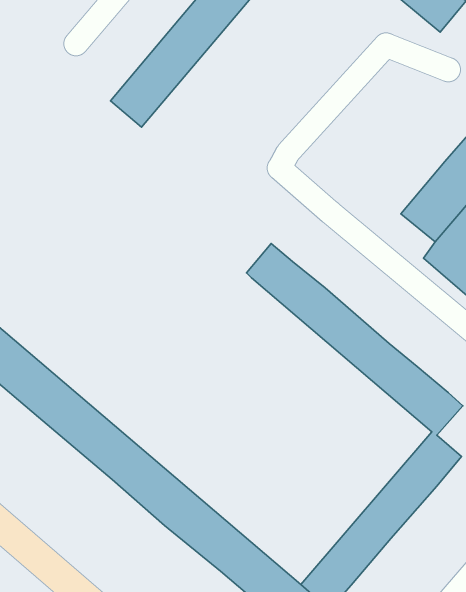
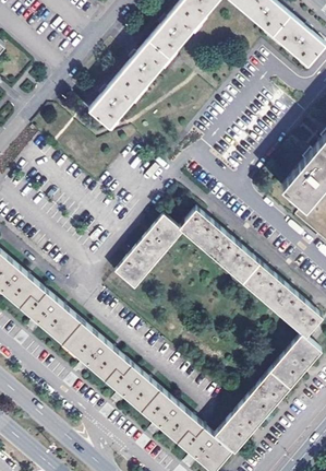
building: none -> [114,214,182,287]

